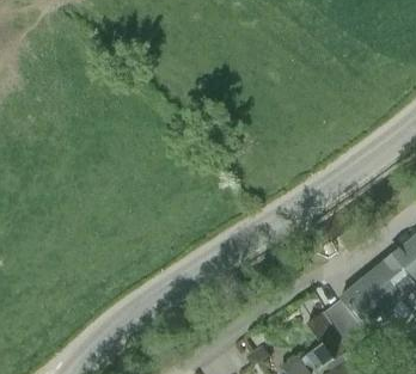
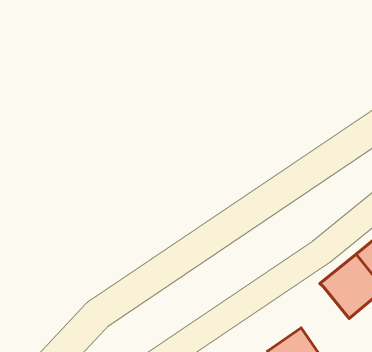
building: [325,300,374,354] -> none

